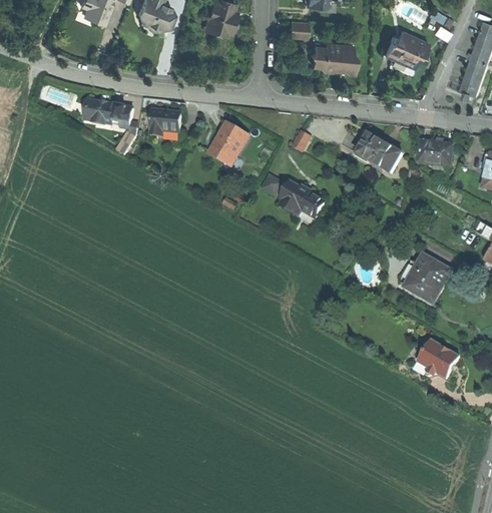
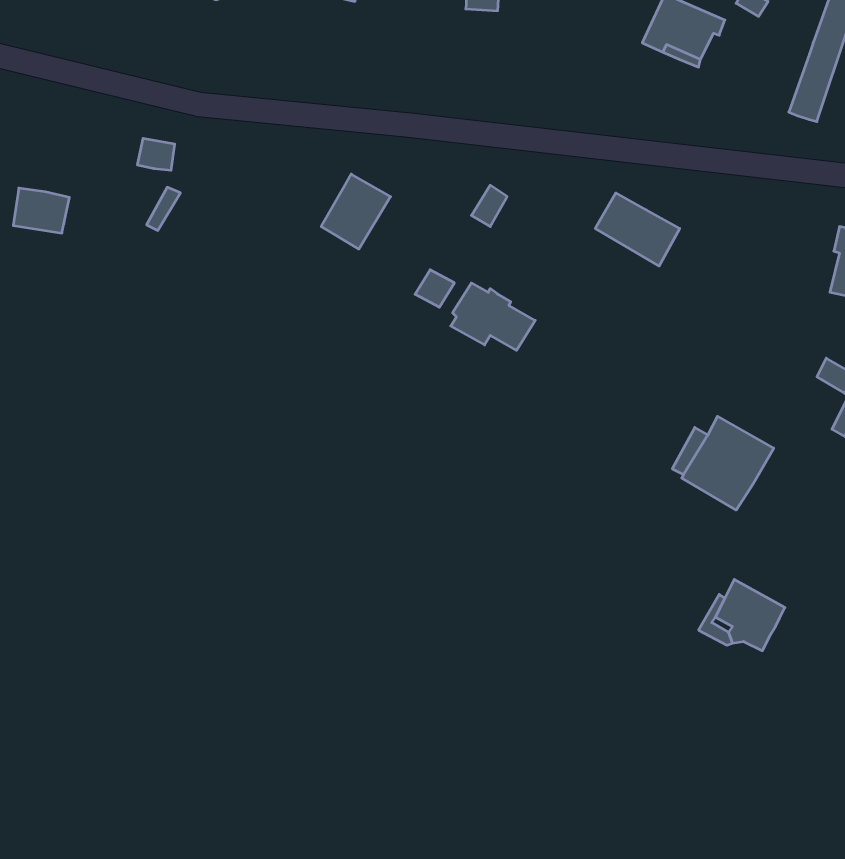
building: [310,41,358,72] -> none
building: [86,99,116,123] -> [13,188,69,233]
building: [151,109,181,133] -> none
building: [419,140,453,170] -> none

